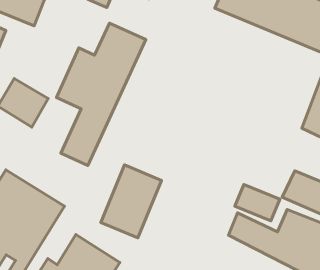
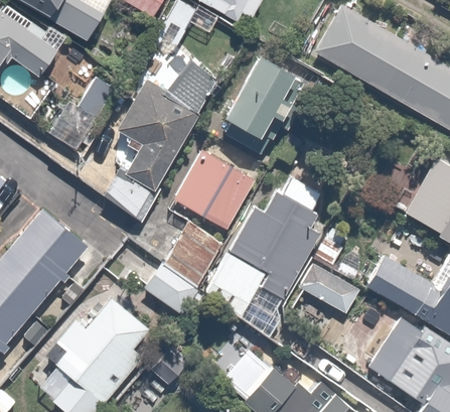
building: none -> [226,50,311,156]
building: none -> [170,139,261,231]
building: none -> [206,173,323,341]

